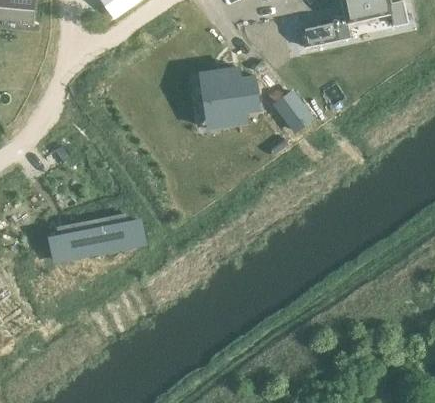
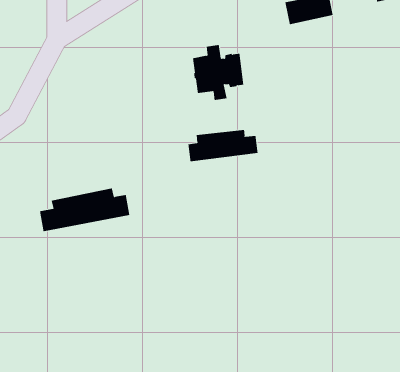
building: [275,95,307,131] -> none
building: none -> [188,129,258,162]

